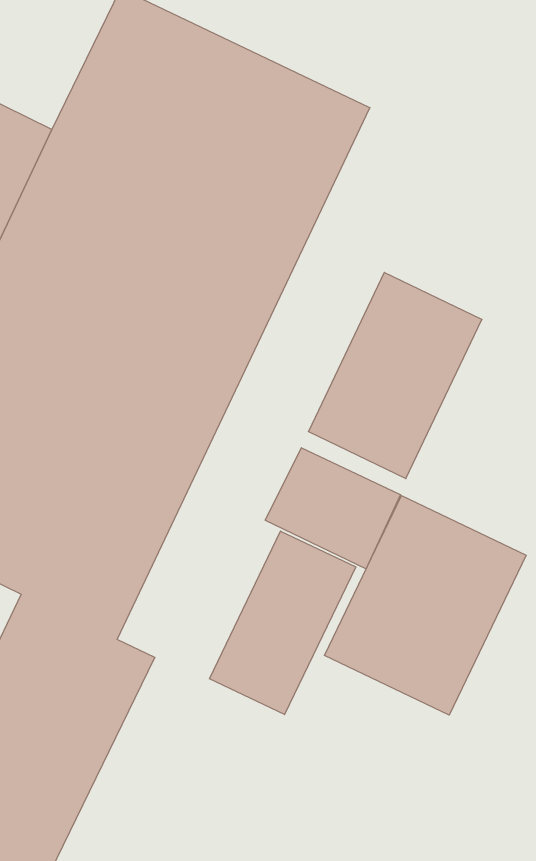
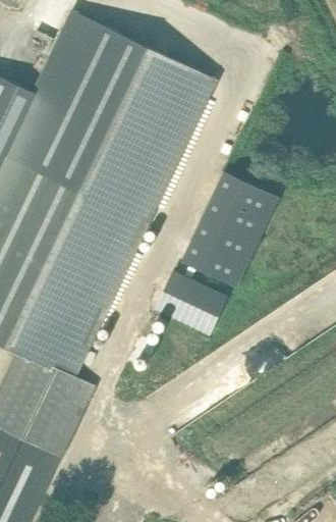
building: [325,496,526,715] -> none
building: [209,531,356,715] -> none

